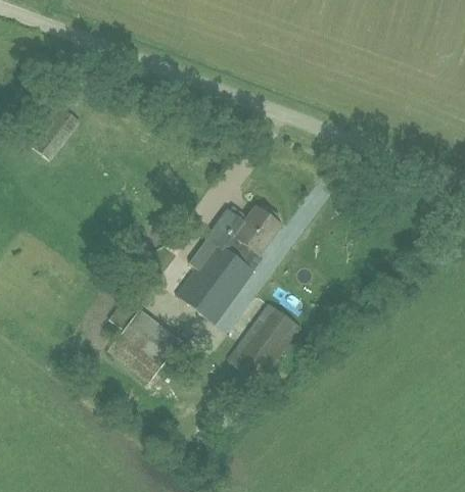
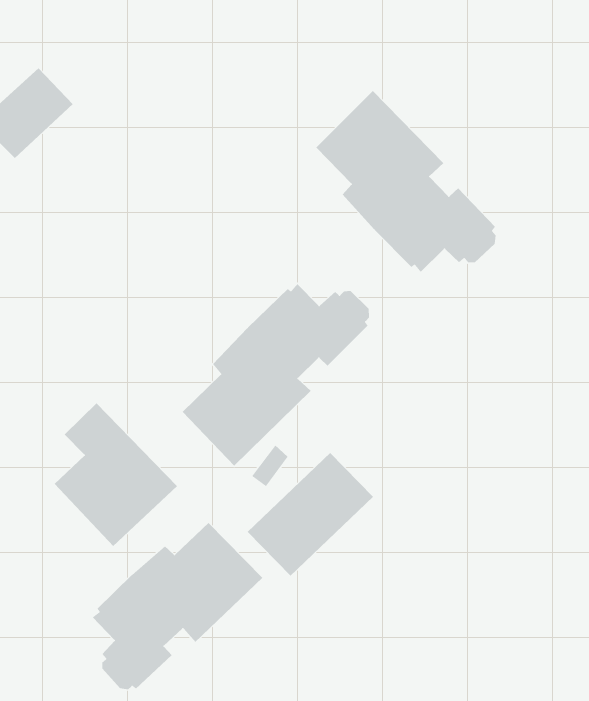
building: none -> [316,90,497,273]
building: none -> [92,522,263,690]

